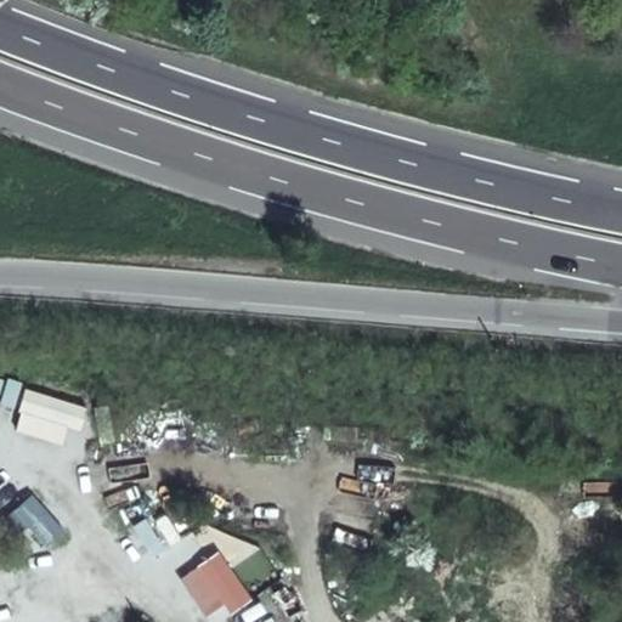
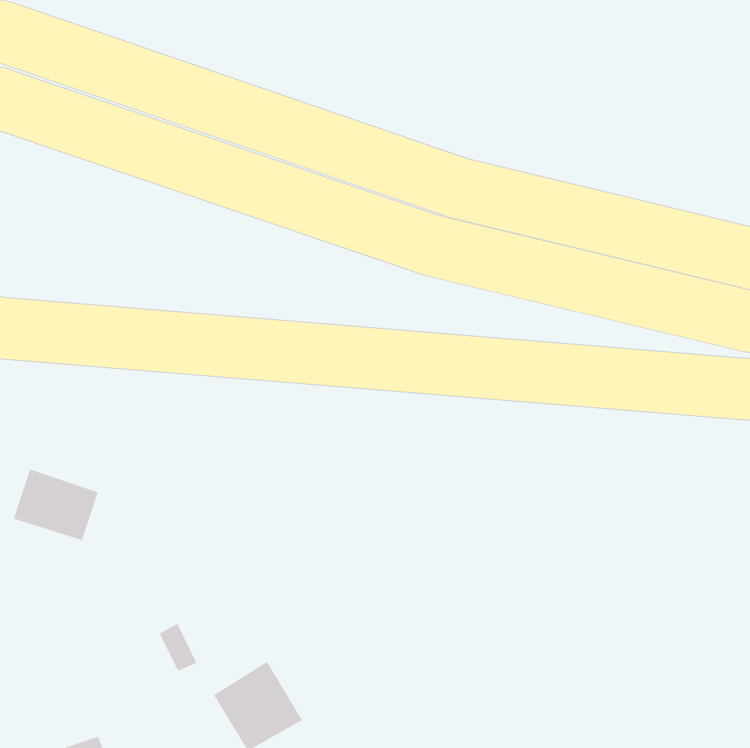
building: [10,494,66,550] -> none

